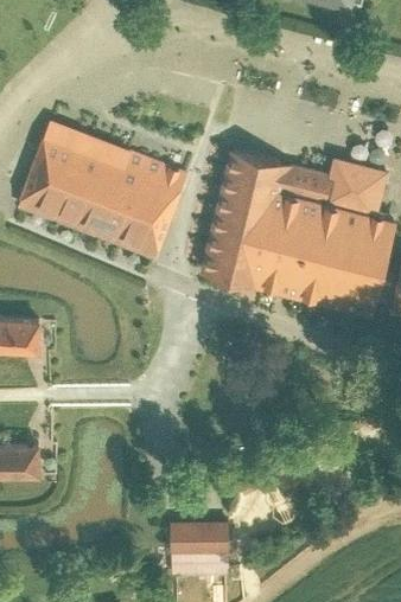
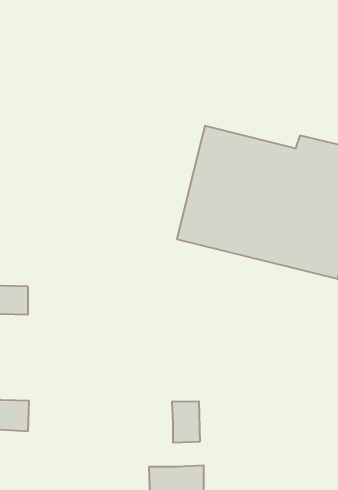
building: [18,123,184,258] -> none
building: none -> [172,401,200,443]

